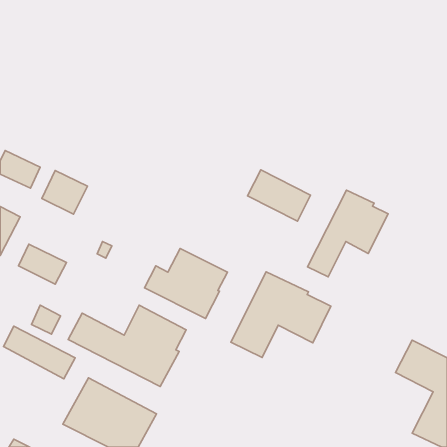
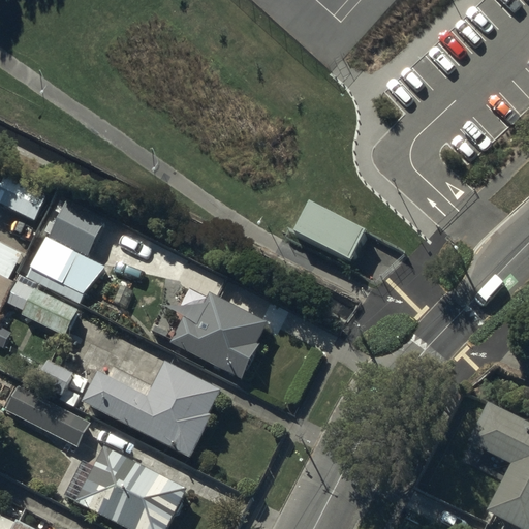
building: [308,190,388,277] -> none
building: none -> [26,238,103,301]
building: [231,272,331,358] -> none

